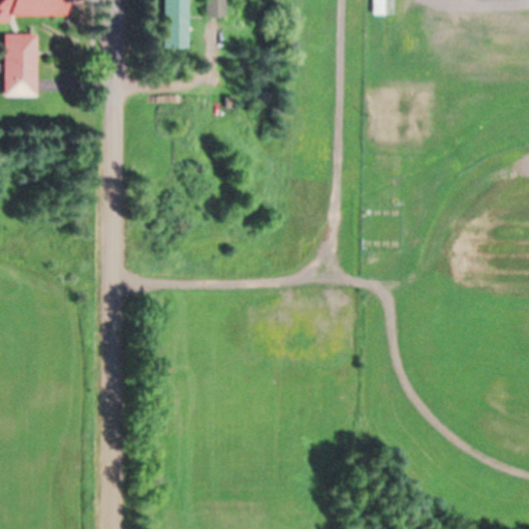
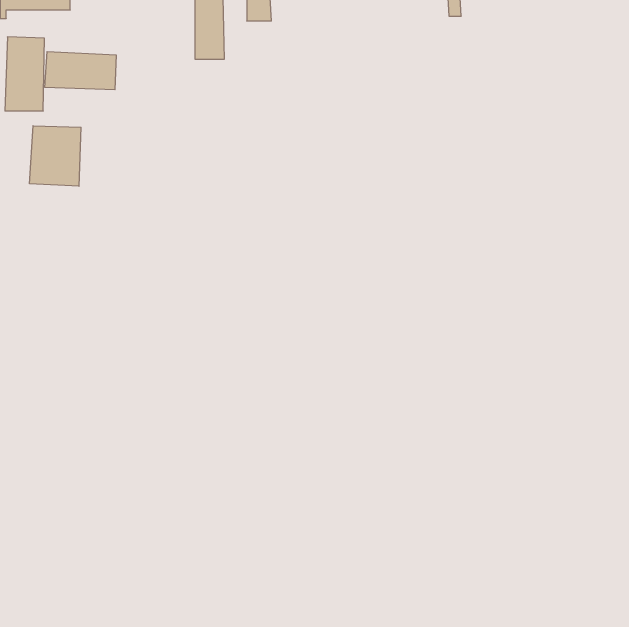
building: none -> [45,52,116,90]
building: none -> [30,126,81,186]

